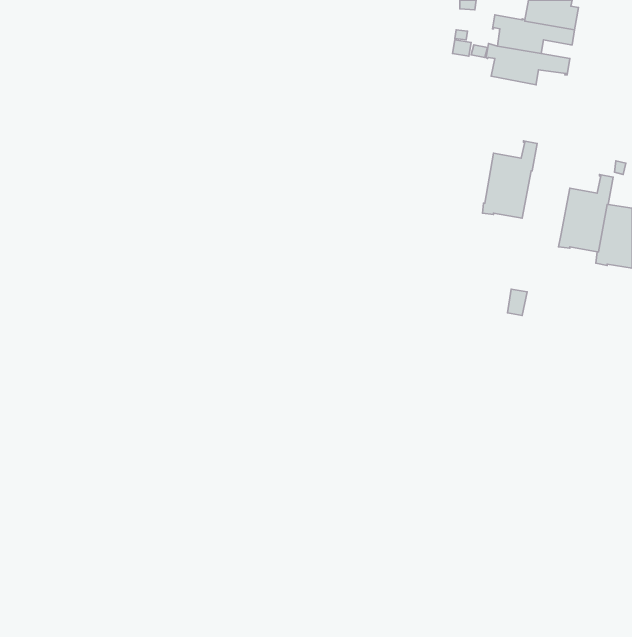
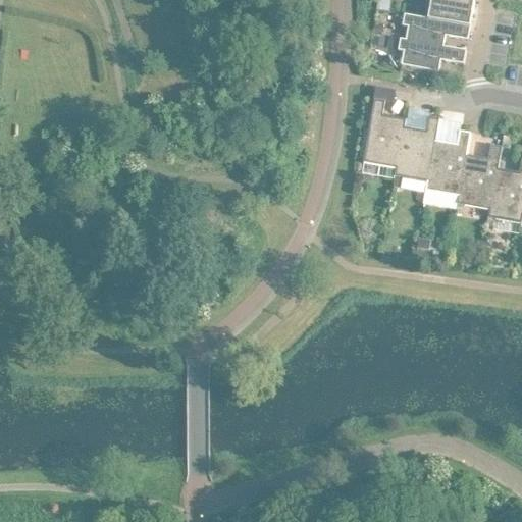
building: none -> [363,97,406,166]
building: none -> [425,128,470,193]

